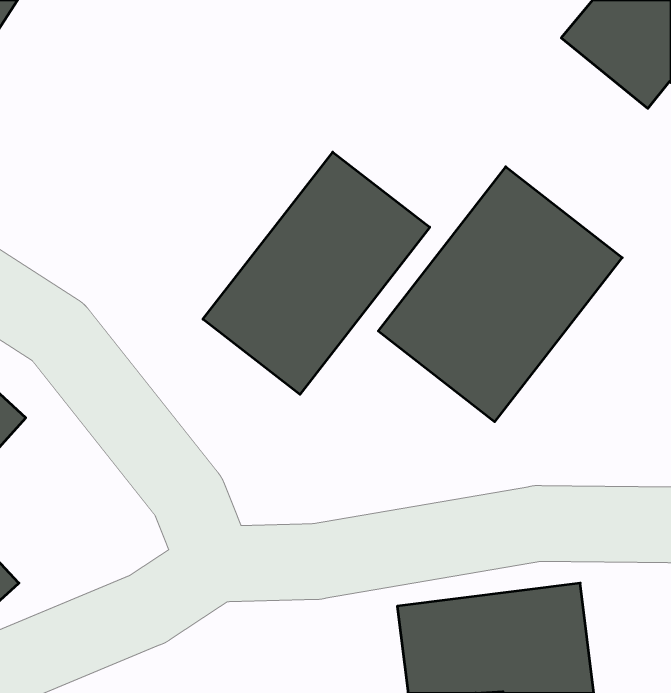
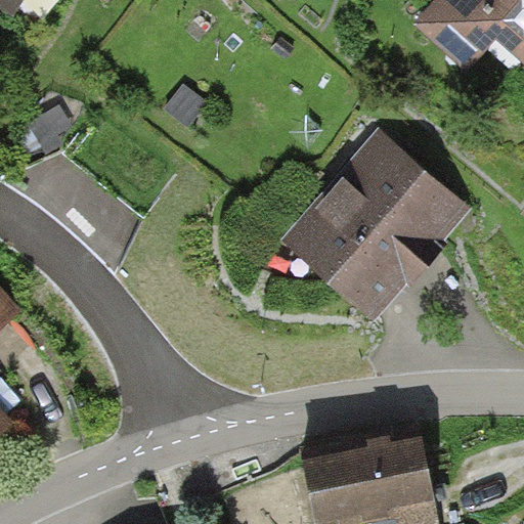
building: [203,152,430,394] -> none

